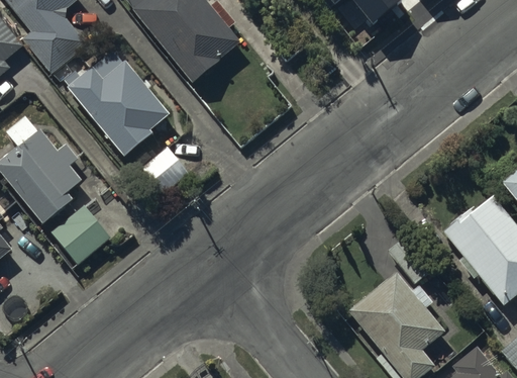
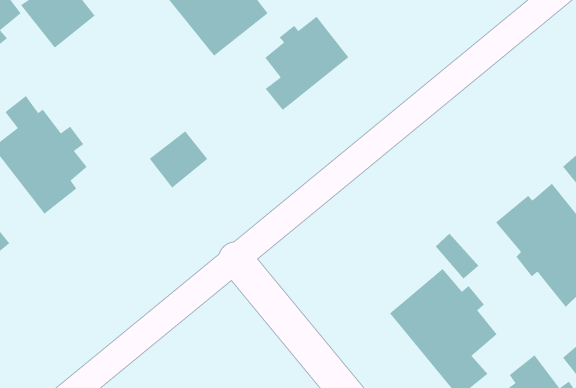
building: none -> [265,16,349,111]
building: [65,53,168,156] -> none
building: [51,206,110,265] -> none

